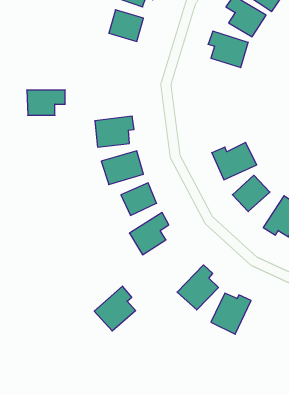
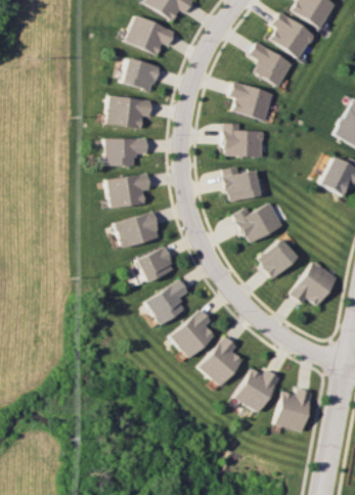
building: none -> [107,94,152,129]
building: none -> [225,123,265,156]
building: [27,90,65,115] -> [105,138,147,166]
building: none -> [223,166,262,201]
building: [94,286,136,331] -> [170,309,215,358]
building: none -> [274,388,312,432]

